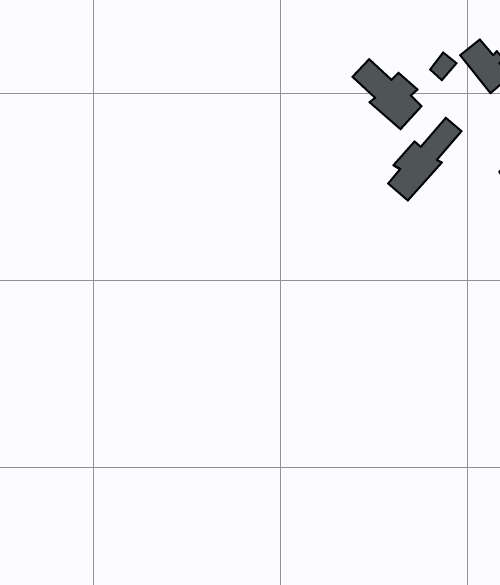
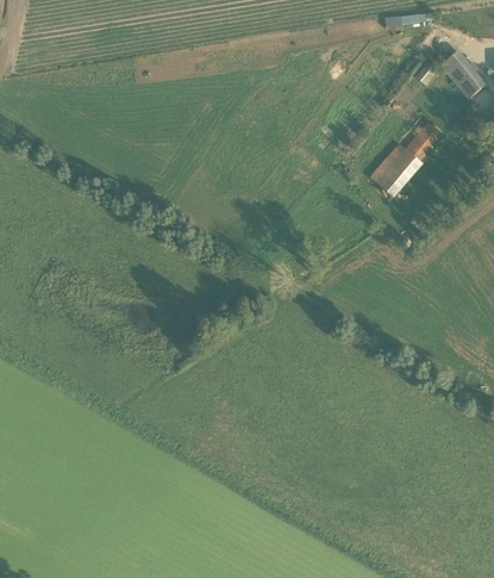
building: [353,59,421,129] -> none

